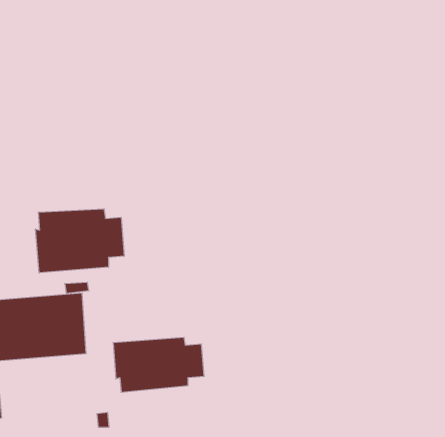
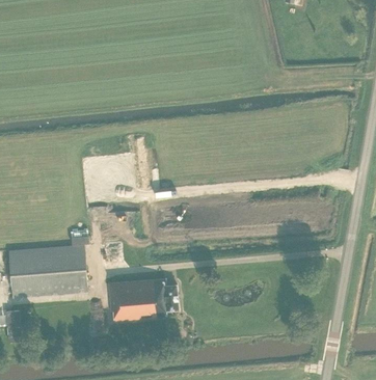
building: [36,209,124,273] -> none

